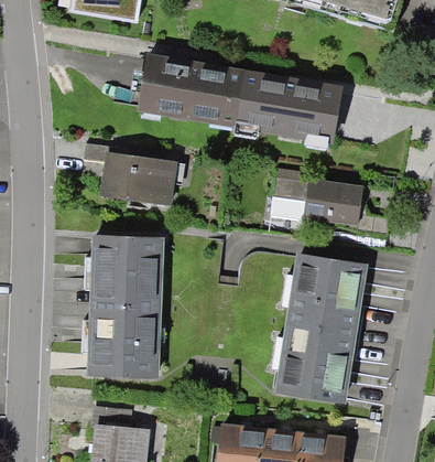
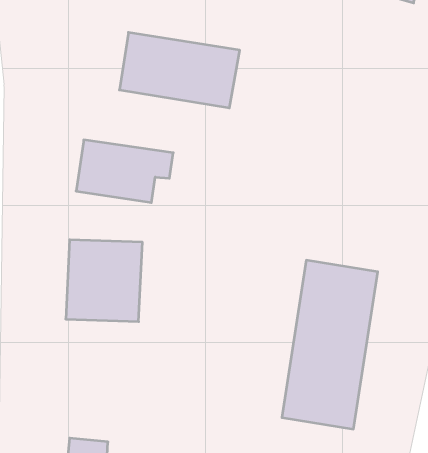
building: [233,74,337,139] -> none
building: [270,171,389,235] -> none
building: [90,305,155,376] -> none

